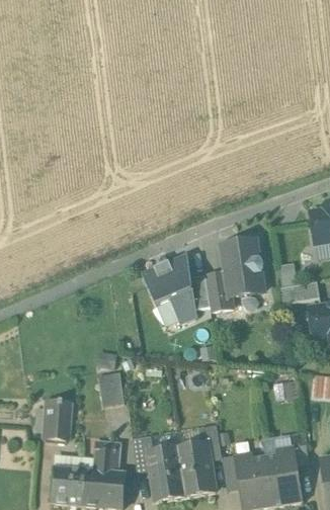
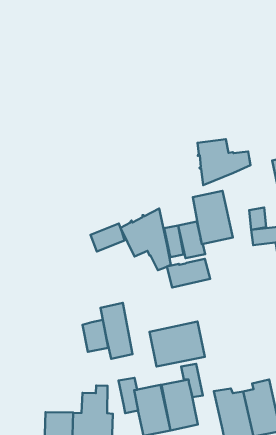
building: none -> [198,139,251,185]
building: none -> [90,223,125,251]
building: none -> [167,259,210,288]
building: none -> [101,303,133,359]
building: none -> [150,321,205,366]
building: [40,411,68,440] -> none

